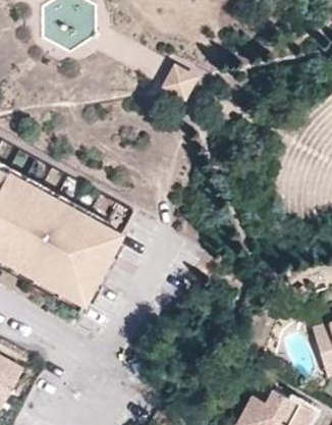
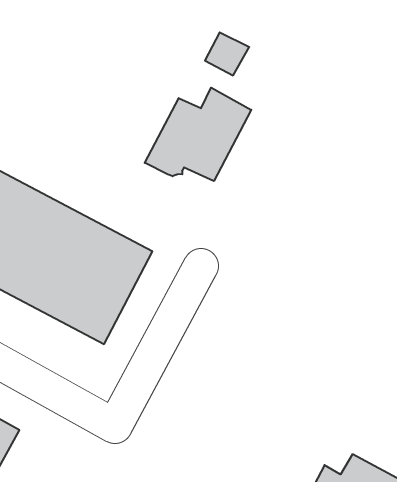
building: none -> [145,88,251,181]

